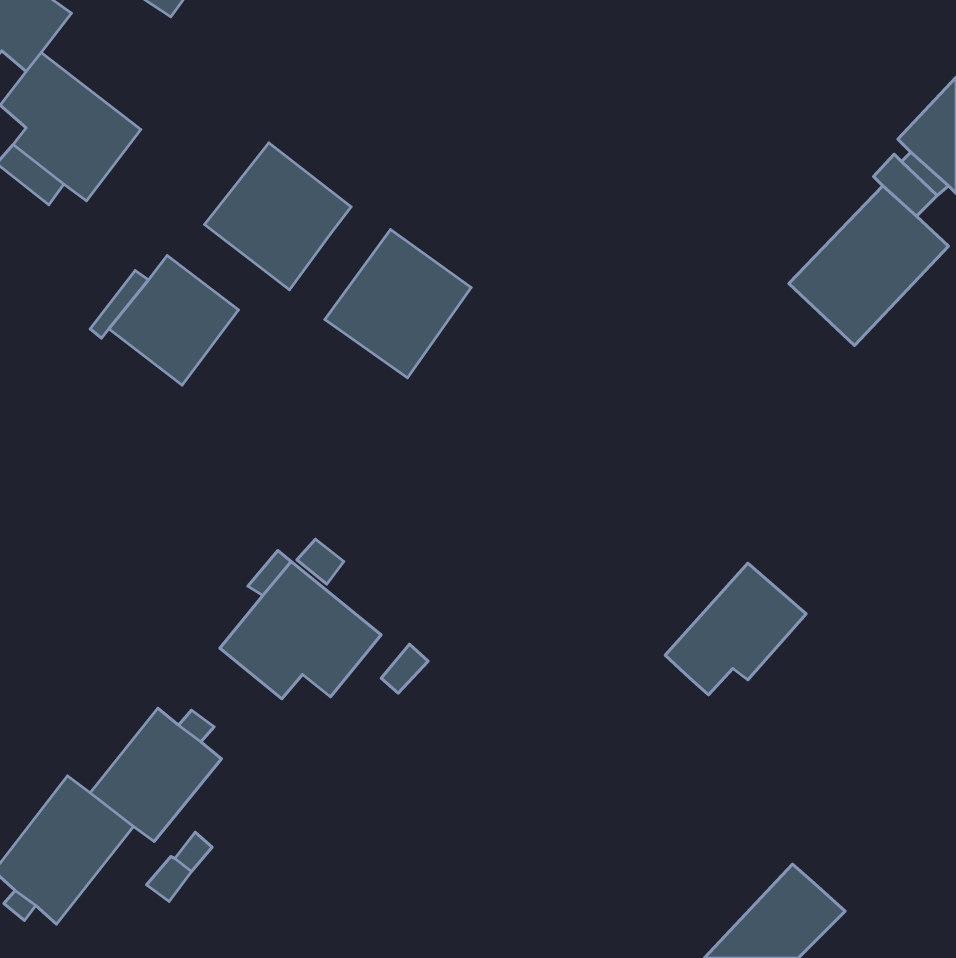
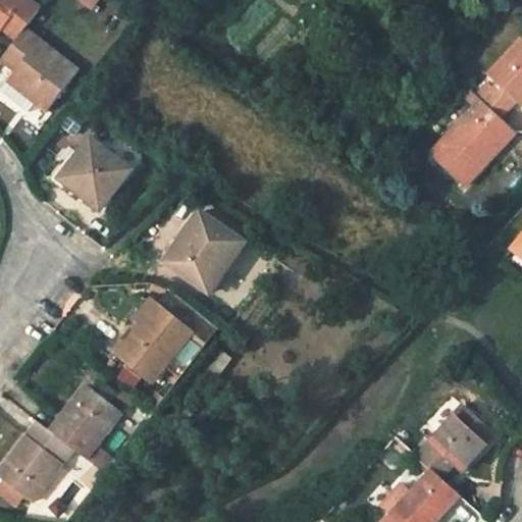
building: [204,143,351,290] -> none
building: [325,229,471,378] -> [163,211,243,292]
building: [665,563,806,695] -> [417,407,493,478]

